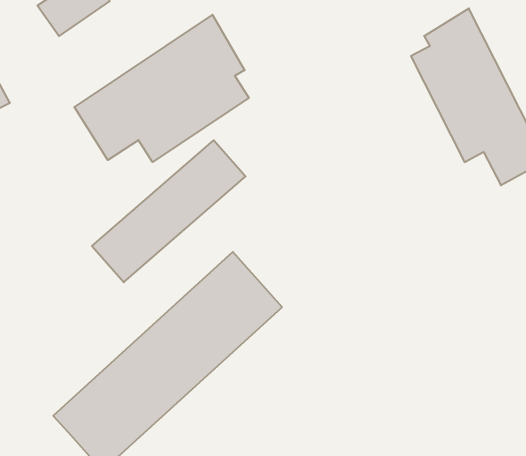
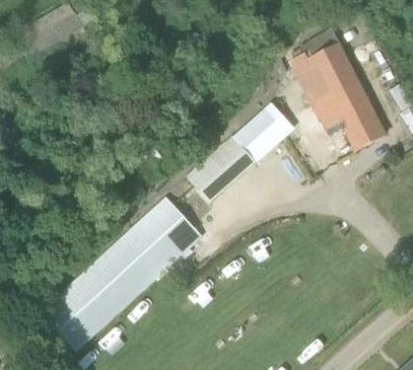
building: [74,15,249,162] -> none
building: [92,140,246,282] -> [187,99,294,199]

